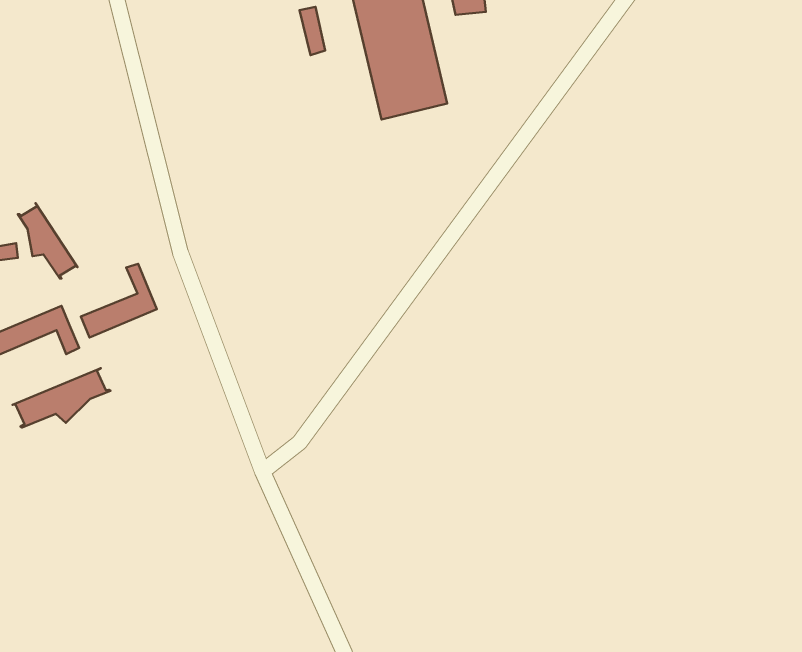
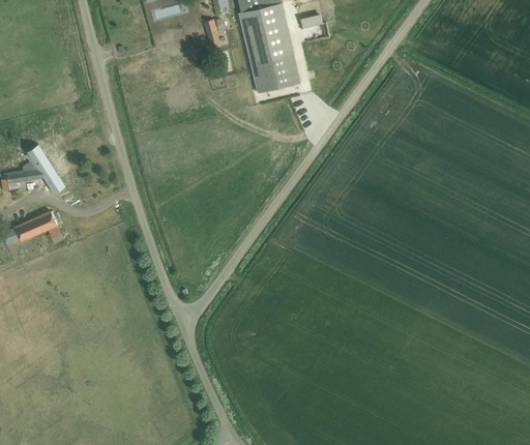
building: [81,264,157,337] -> none
building: [13,368,110,427] -> none

